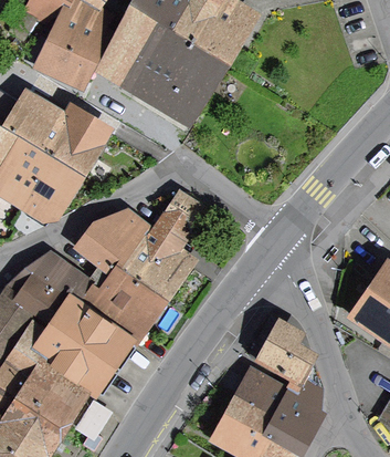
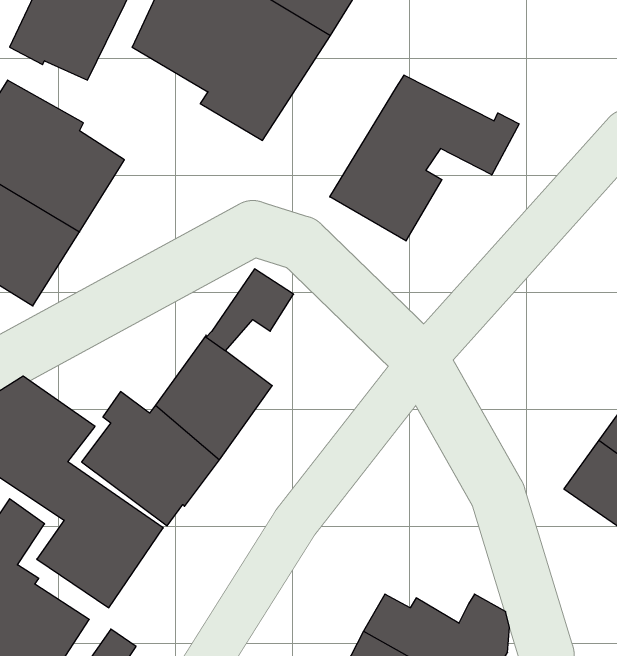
building: none -> [330,75,519,241]
building: [83,214,152,277] -> none
building: [256,321,319,390] -> none

